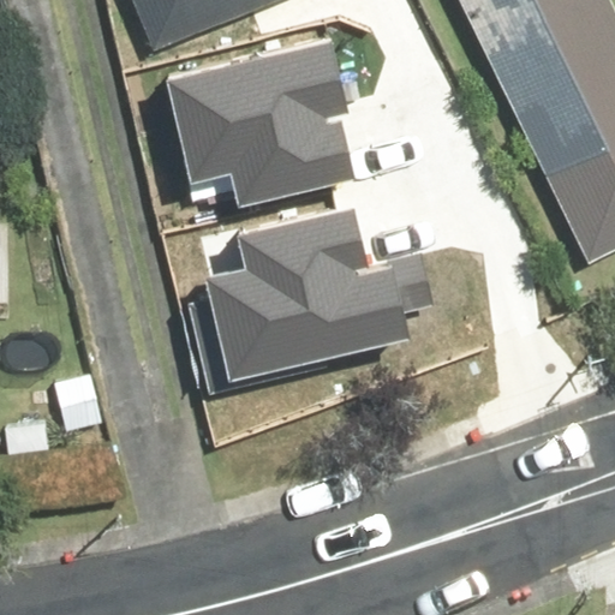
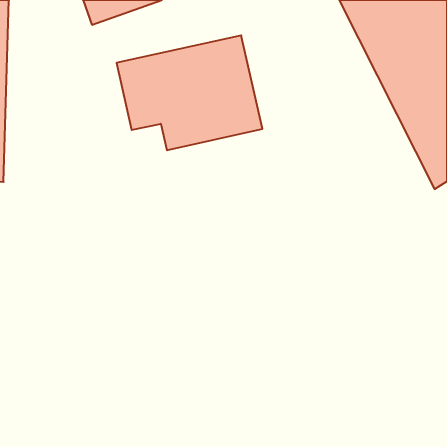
building: [208,203,389,356] -> none

